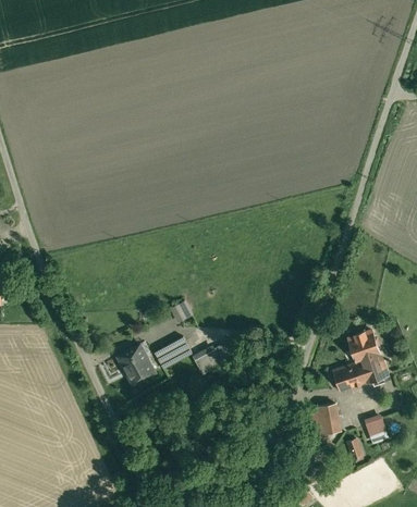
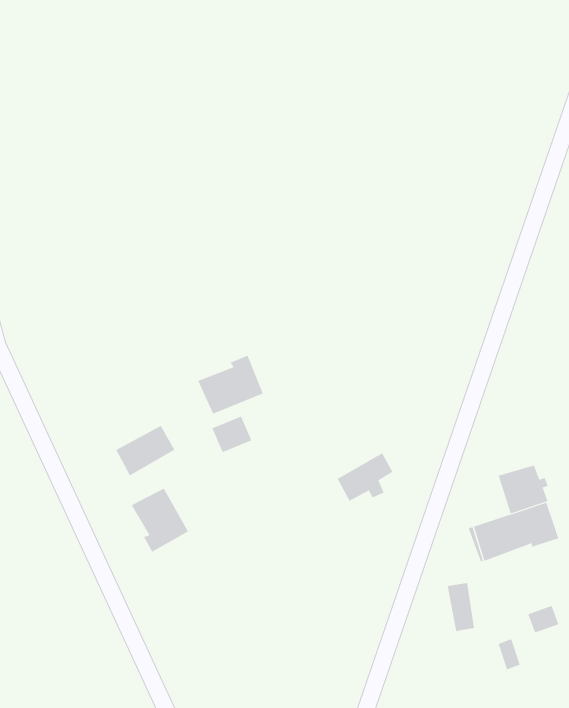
building: none -> [198,355,263,415]
building: [155,337,192,369] -> [115,425,175,476]
building: [195,344,230,374] -> [337,452,393,502]

